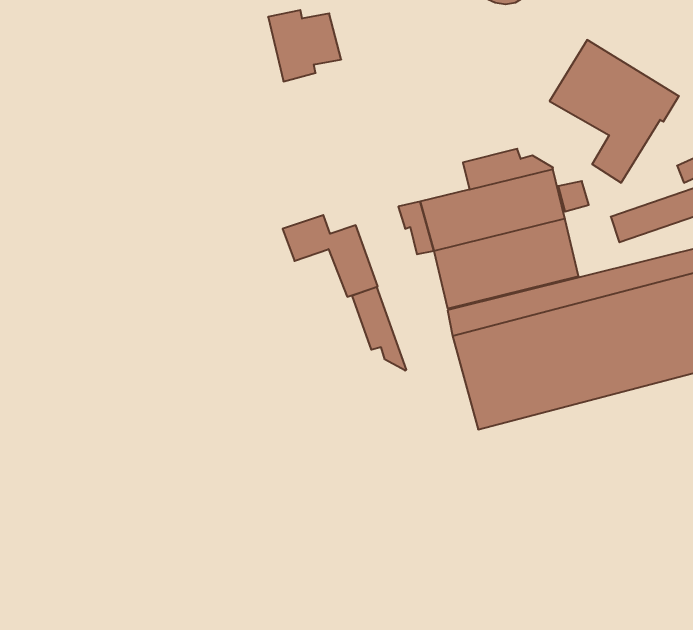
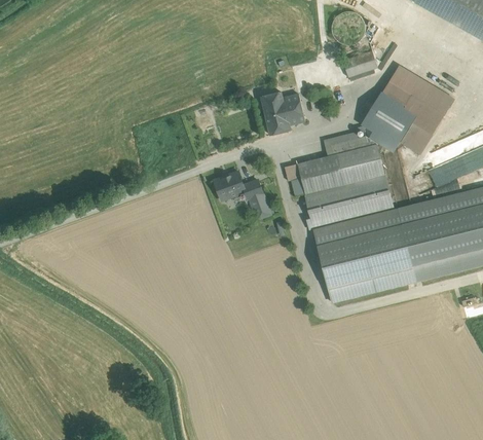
building: [268,10,341,81] -> [261,91,305,135]
building: none -> [342,50,377,77]
building: none -> [365,103,411,142]
building: [352,287,406,371] -> none

